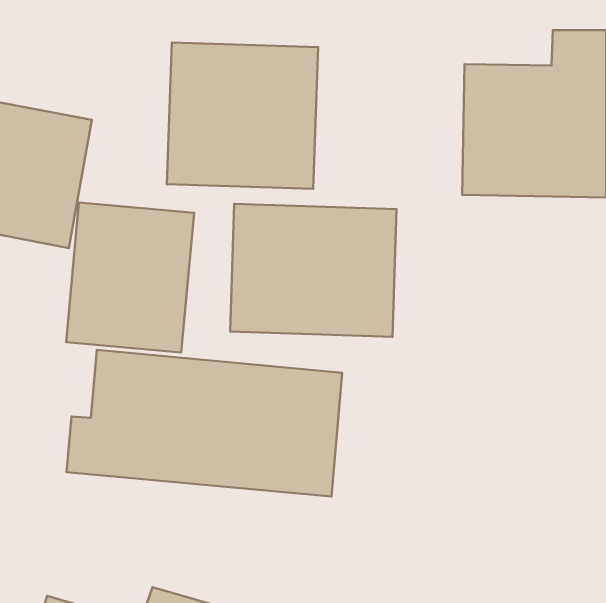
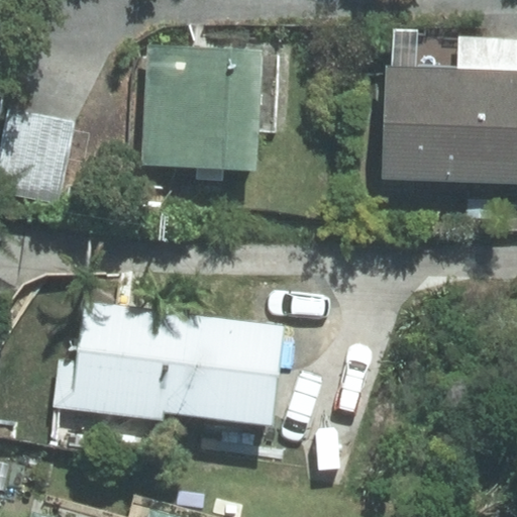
building: [66,203,194,353] -> none
building: [230,204,396,337] -> none

